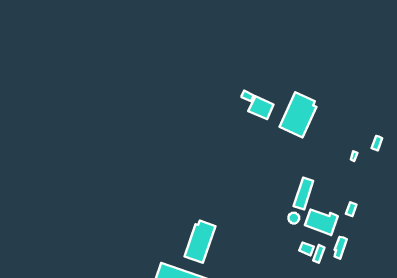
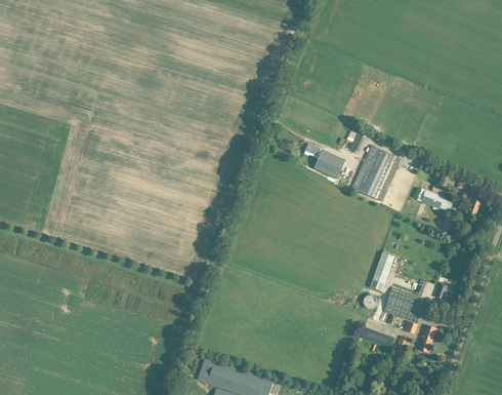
building: none -> [420,190,457,212]
building: [184,221,216,263] -> none

